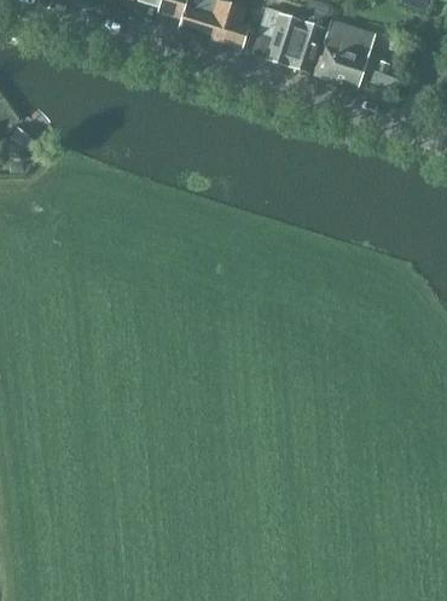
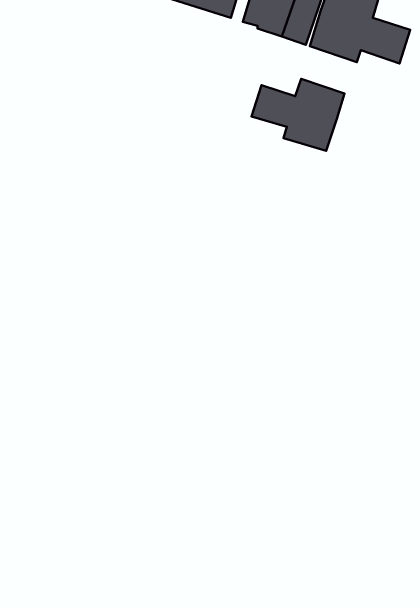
building: none -> [252,79,344,151]

